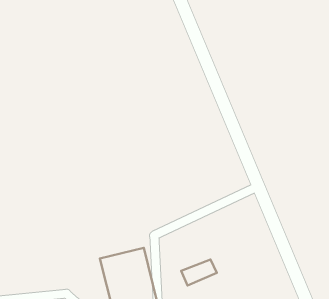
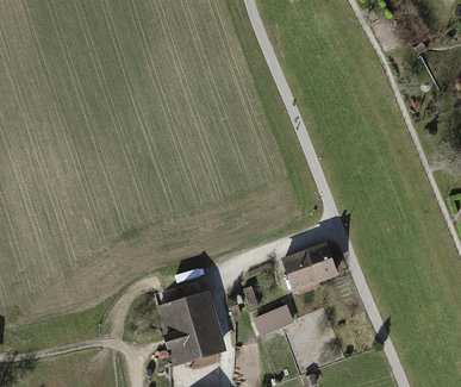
building: none -> [280,241,337,289]

